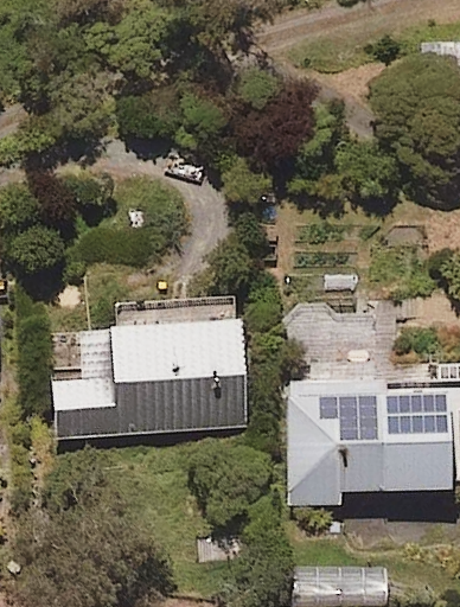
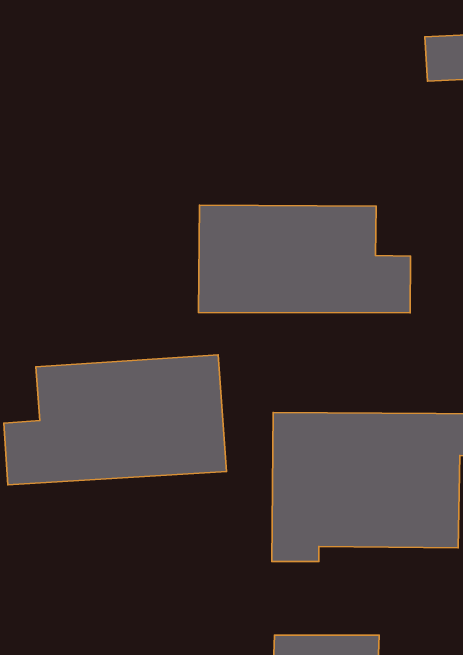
building: none -> [198,205,410,313]

